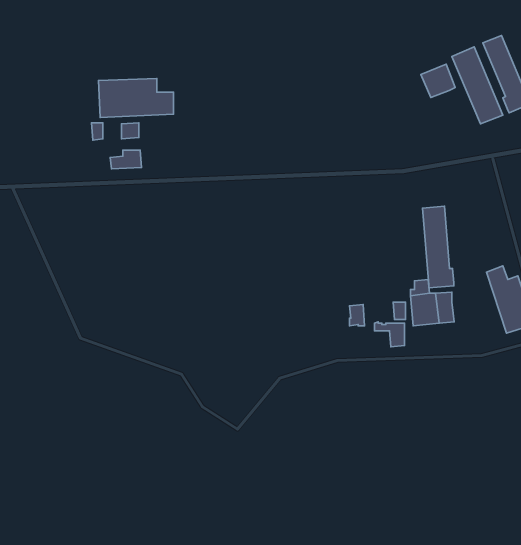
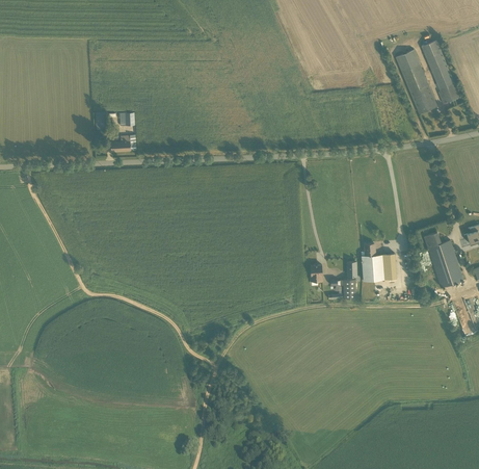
building: [421,64,455,98] -> none
building: [98,79,174,117] -> none
building: [423,206,454,288] -> none

